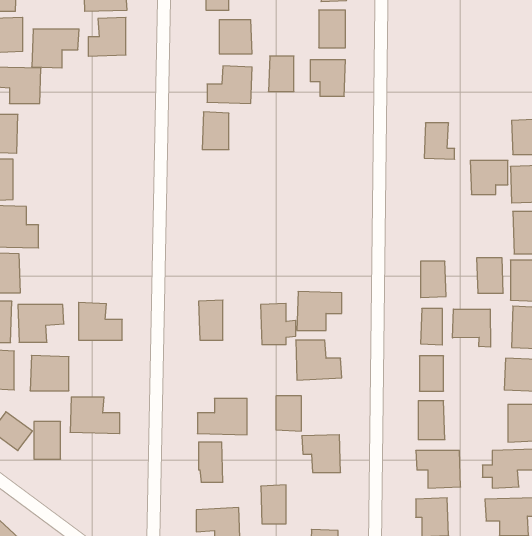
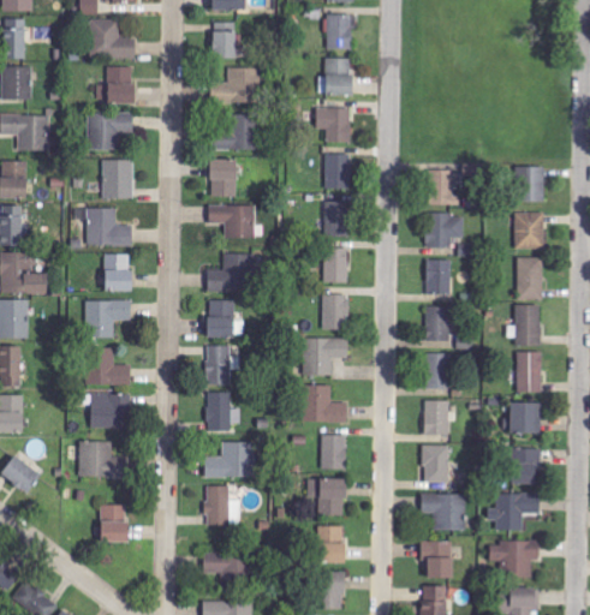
building: [32,29,79,68] -> [87,112,133,150]
building: [268,56,294,91] -> [324,154,350,189]
building: none -> [102,159,133,199]
building: none -> [323,201,347,235]
building: none -> [208,204,255,238]
building: [470,160,508,194] -> [425,214,463,247]
building: none -> [87,208,132,246]
building: none -> [323,247,348,282]
building: none -> [207,252,251,291]
building: none -> [103,253,131,292]
building: none -> [322,293,347,329]
building: none -> [207,300,234,338]
building: [477,258,503,293] -> [425,259,452,294]
building: [261,303,296,345] -> [205,390,240,431]
building: [18,305,64,342] -> [85,300,131,338]
building: [453,309,490,347] -> none
building: [30,355,69,391] -> [90,393,129,428]
building: [276,396,301,431] -> [321,435,346,470]
building: [34,422,61,459] -> [100,504,126,542]
building: [261,485,286,524] -> [318,525,344,563]

